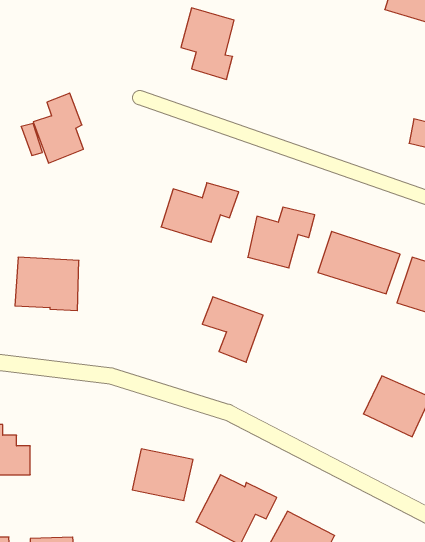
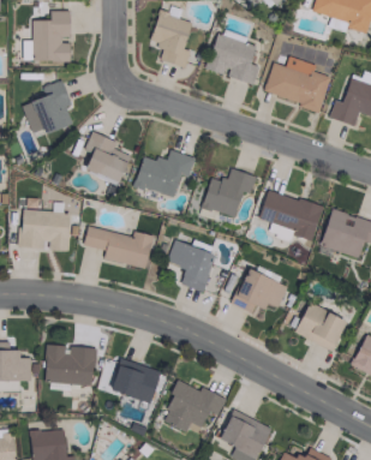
building: none -> [32,11,71,61]
building: none -> [207,34,259,84]
building: none -> [263,56,330,110]
building: none -> [85,131,131,184]
building: none -> [84,227,152,268]
building: none -> [232,268,288,312]
building: none -> [46,345,95,384]

